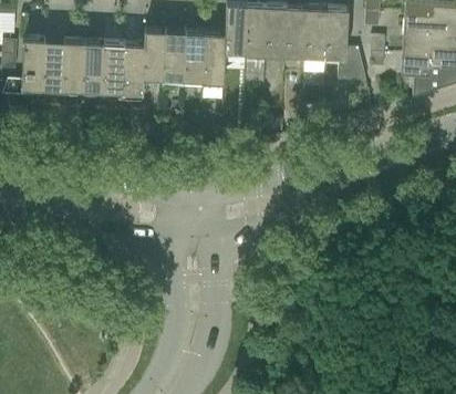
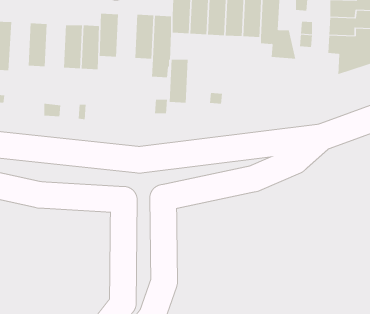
building: [163,30,185,80] -> [169,59,189,103]
building: [41,39,64,95] -> none
building: [82,41,104,91] -> none

